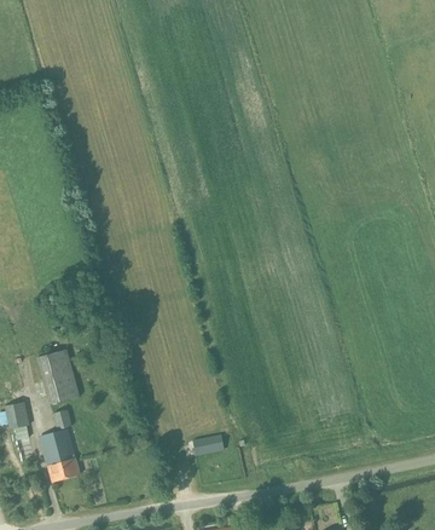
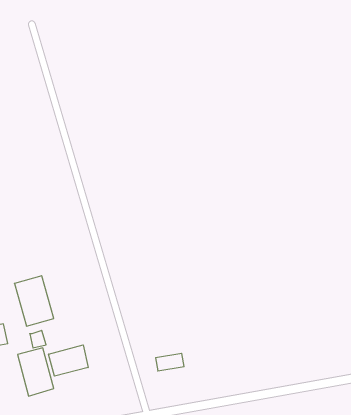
building: none -> [49,345,88,376]

